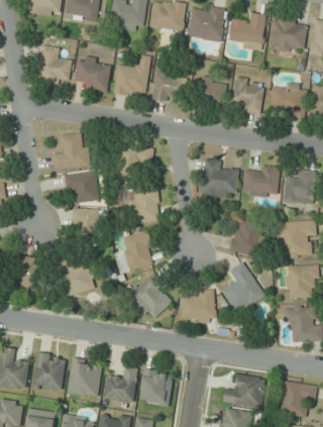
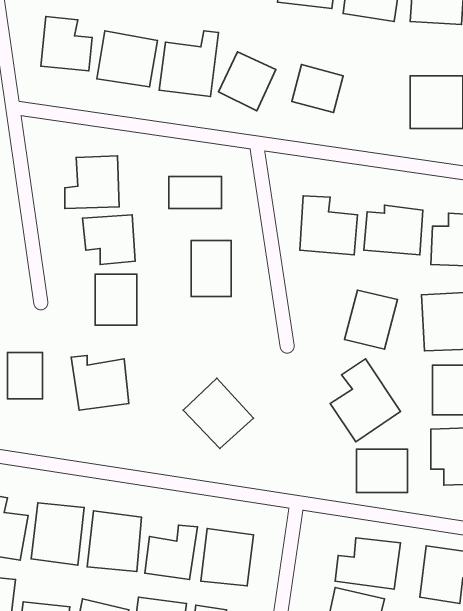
building: [233,78,263,113] -> none
building: [115,230,155,272] -> none
building: [182,293,214,320] -> [356,449,408,492]

